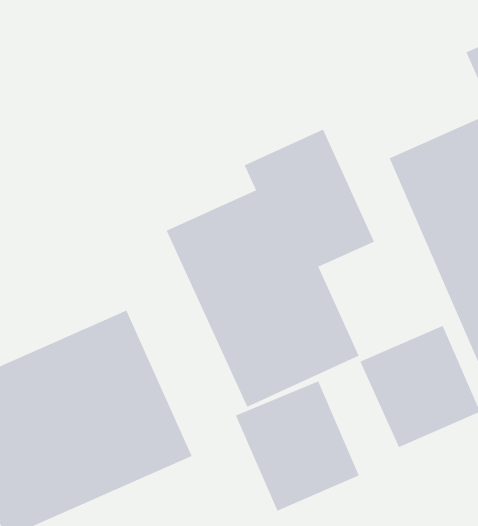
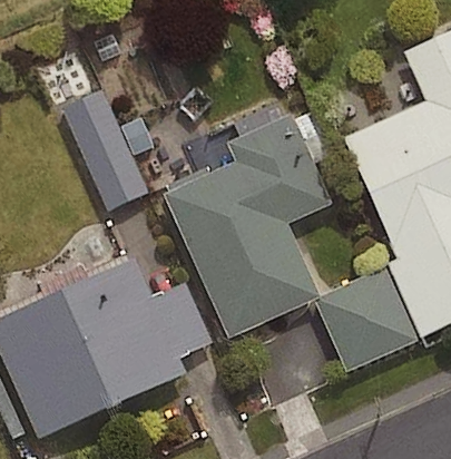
building: none -> [65,85,151,206]
building: [235,380,360,512] -> none

